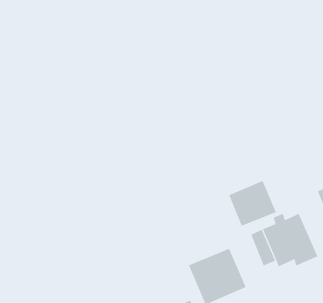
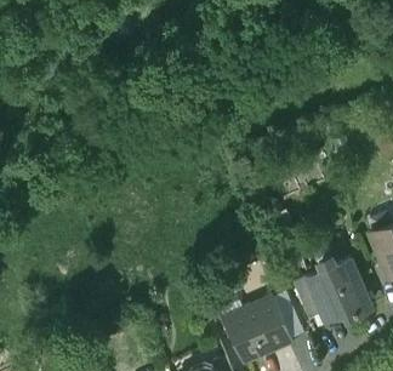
building: [229,180,276,227] -> none

